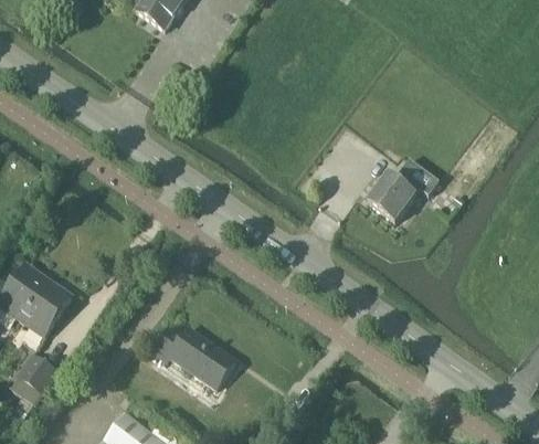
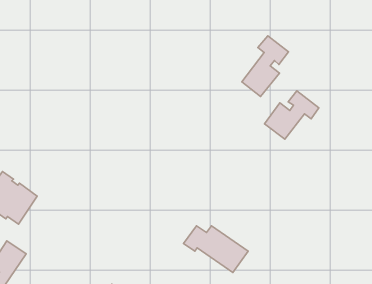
building: none -> [242,36,289,97]
building: [150,327,234,388] -> [184,226,248,272]

